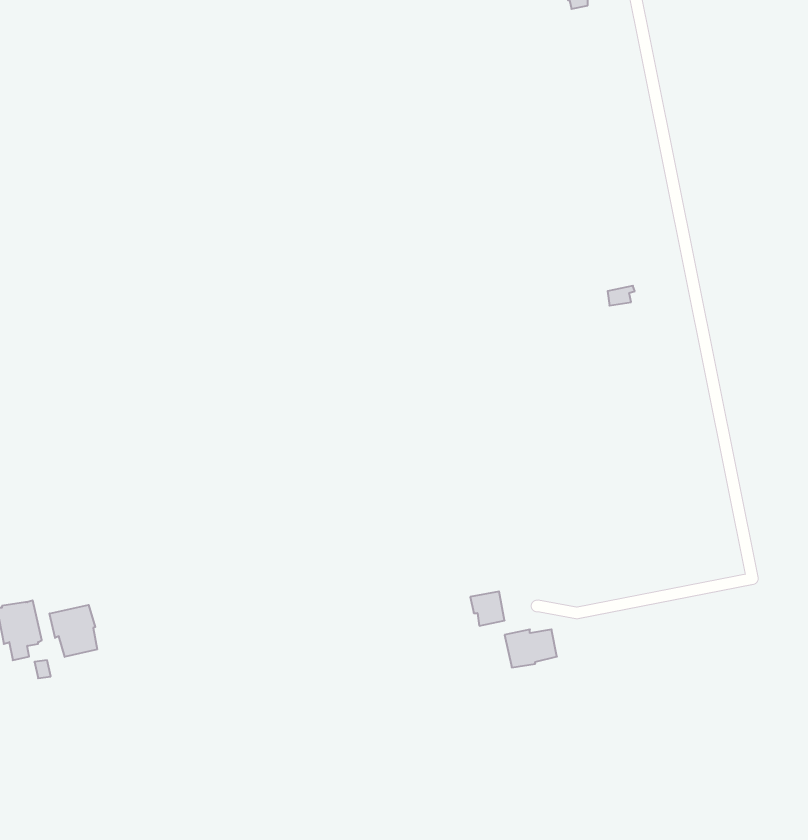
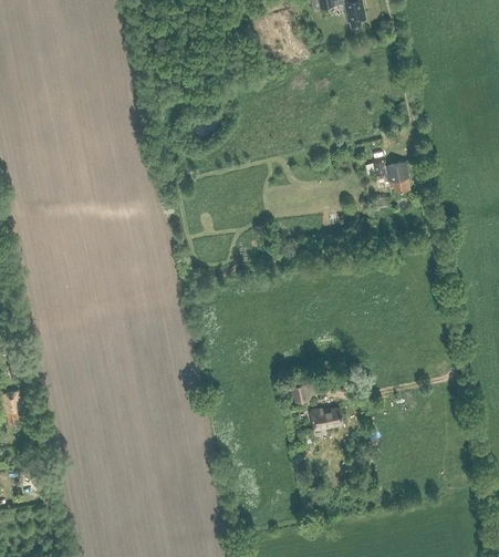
building: none -> [372,161,409,192]
building: [50,605,97,657] -> none

